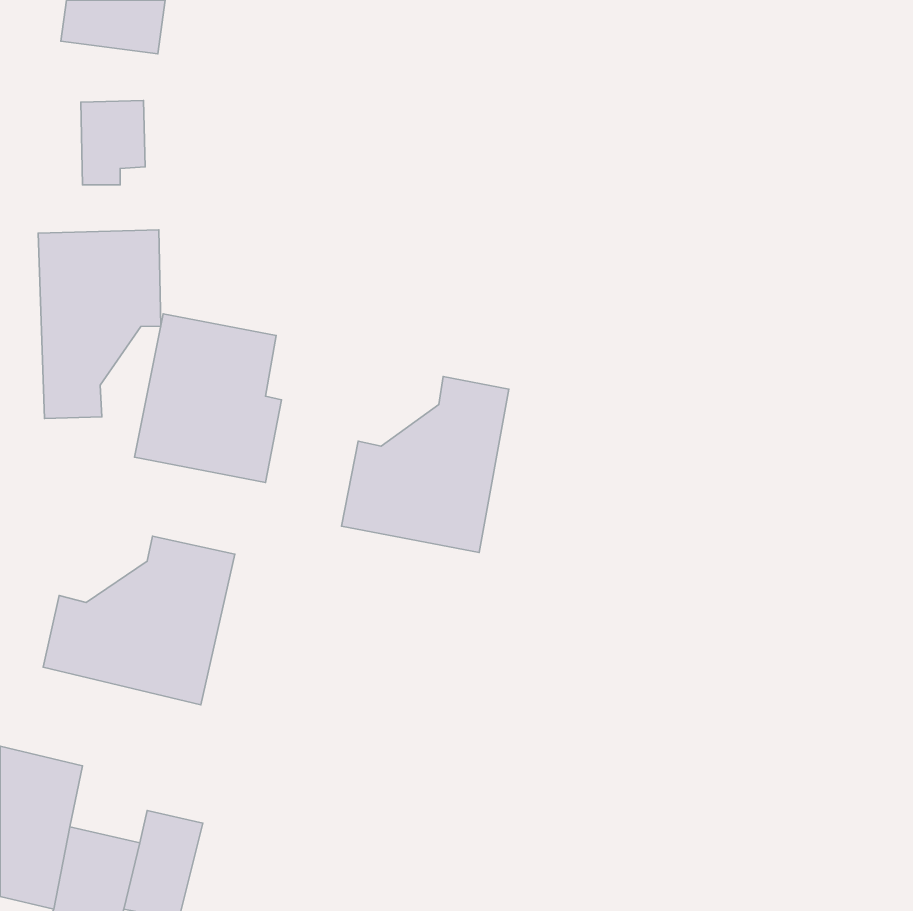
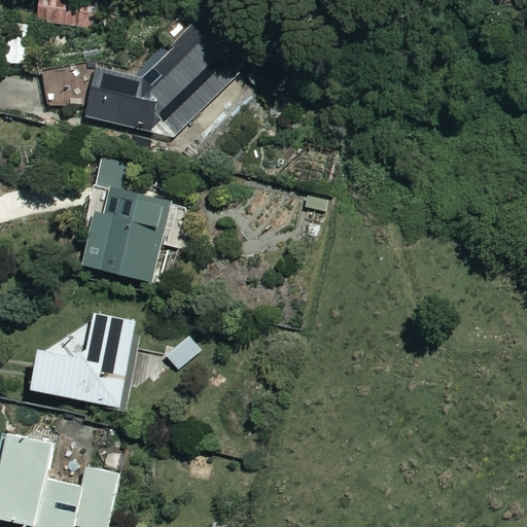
building: none -> [83,28,241,142]
building: [38,230,161,418] -> none
building: [341,376,509,553] -> none

